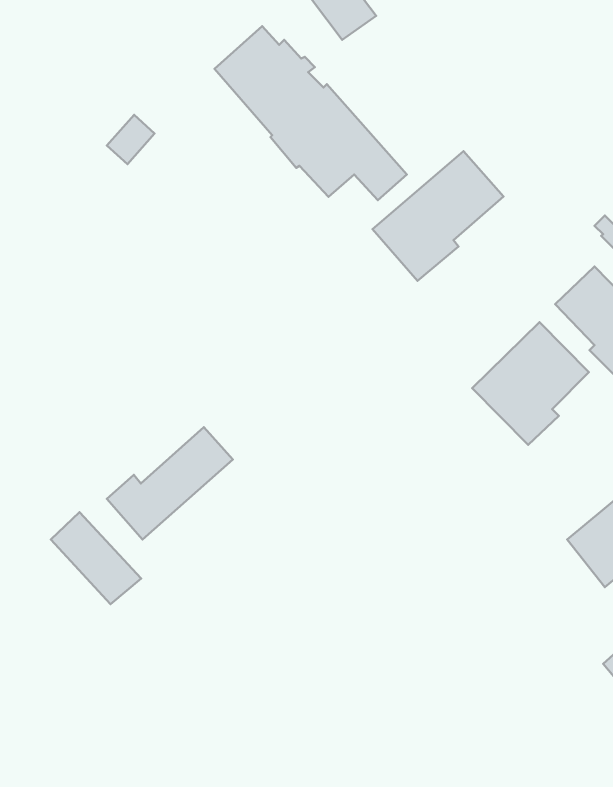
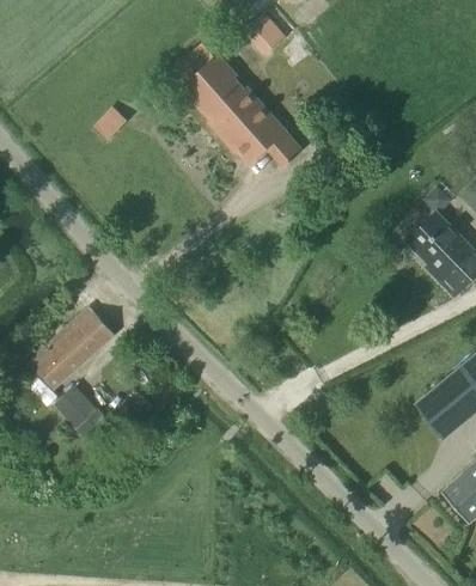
building: [373,151,503,281] -> none
building: [472,322,589,445] -> none
building: [107,427,233,540] -> [26,311,115,390]

